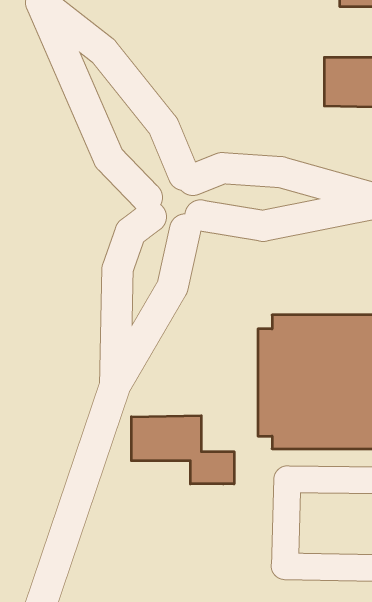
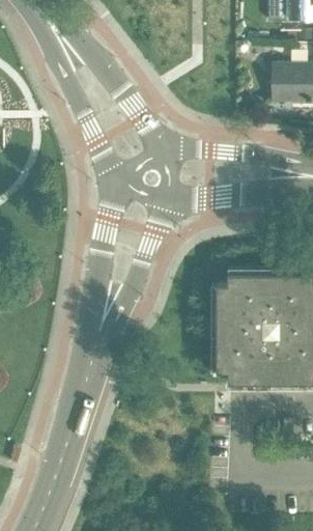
building: [131,416,234,484] -> none

